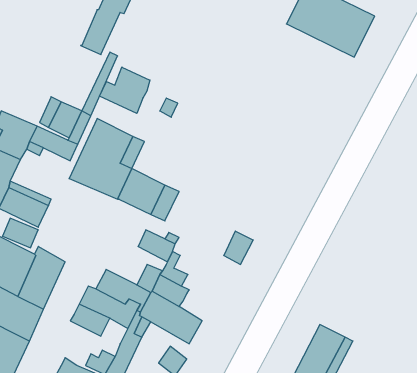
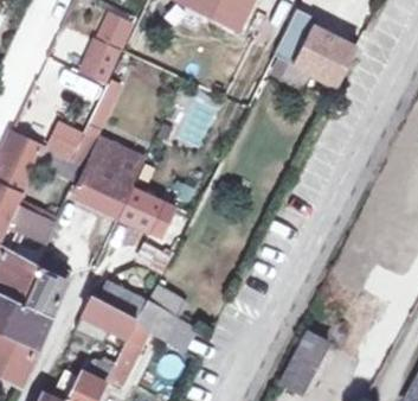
building: [100,67,150,113] -> none

